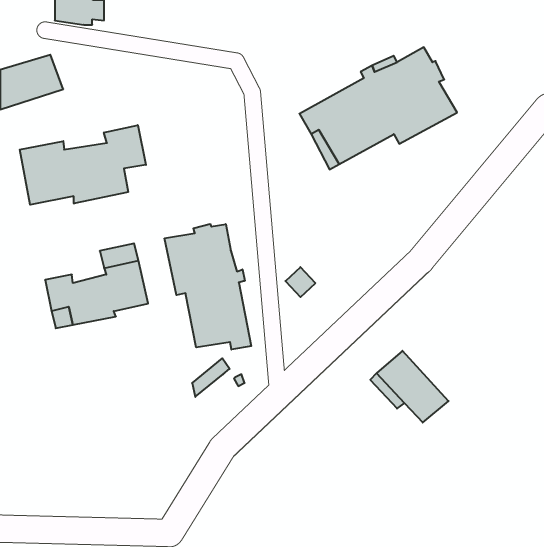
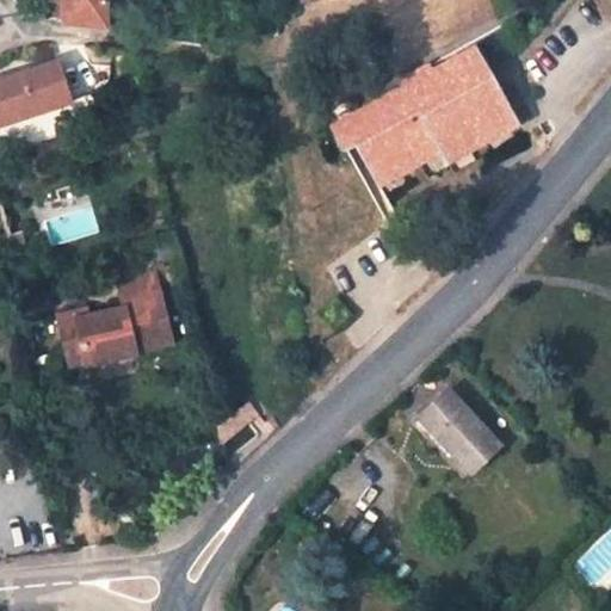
building: [20,125,146,205] -> none
building: [165,224,251,350] -> none

